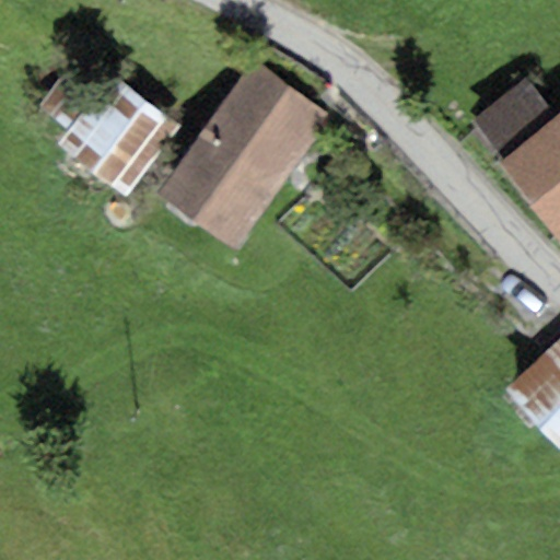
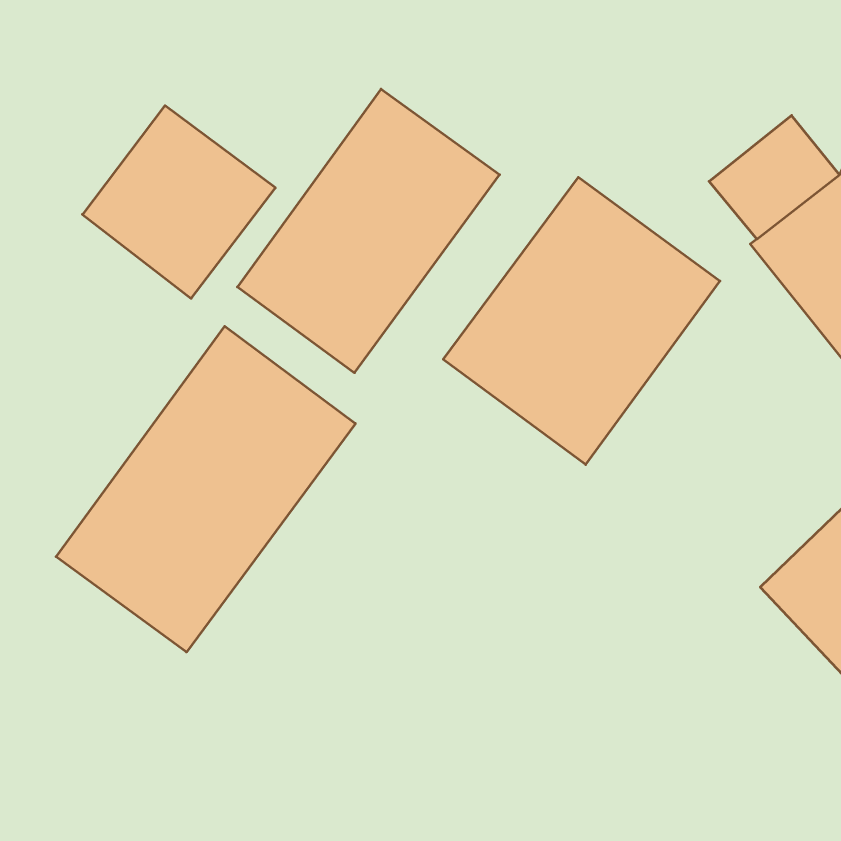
building: none -> [443,177,720,465]
building: none -> [56,326,355,652]

